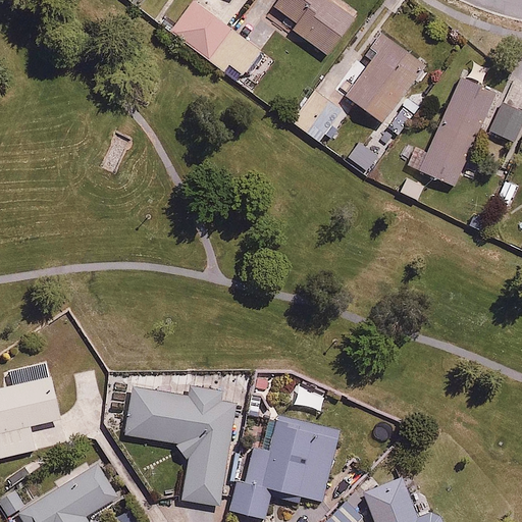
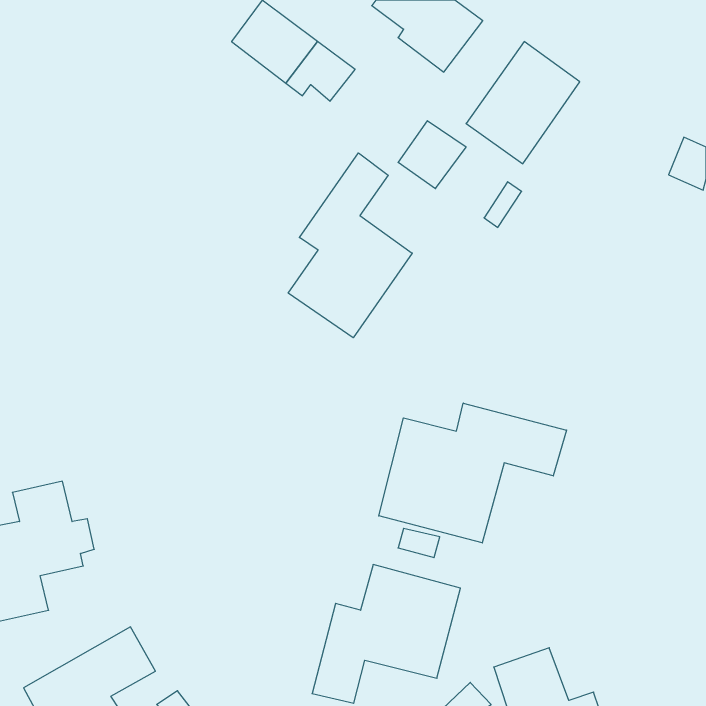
building: [418,76,495,188] -> none
building: none -> [288,153,412,338]
building: none -> [379,403,567,543]
building: [127,387,237,507] -> none

